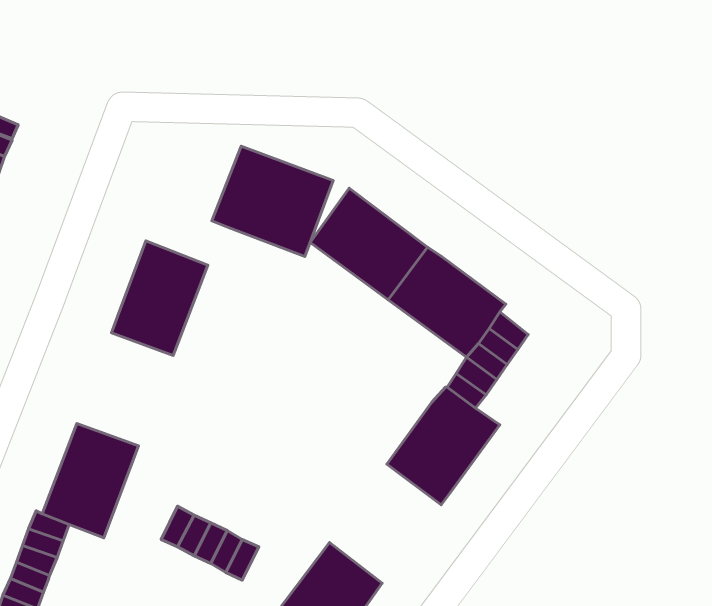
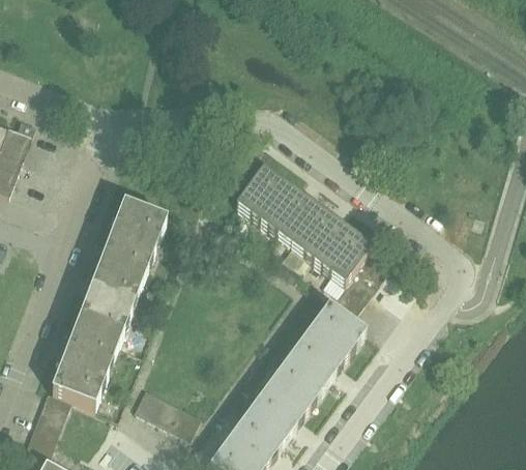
building: [212,146,333,257] -> none
building: none -> [76,263,142,341]
building: none -> [250,353,326,435]

